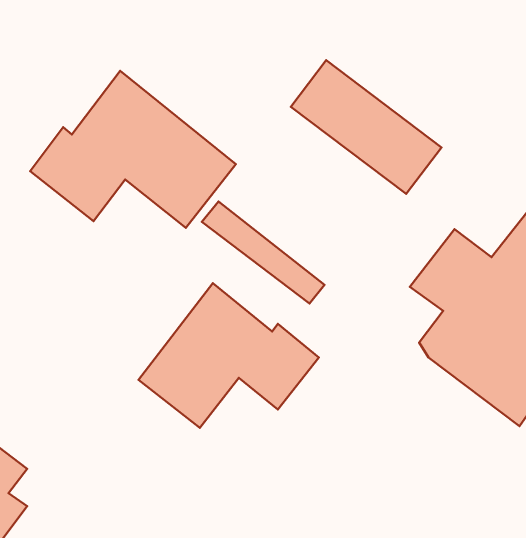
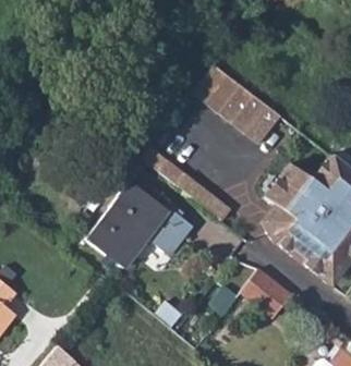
building: [30,71,236,228] -> none
building: none -> [242,268,292,316]

